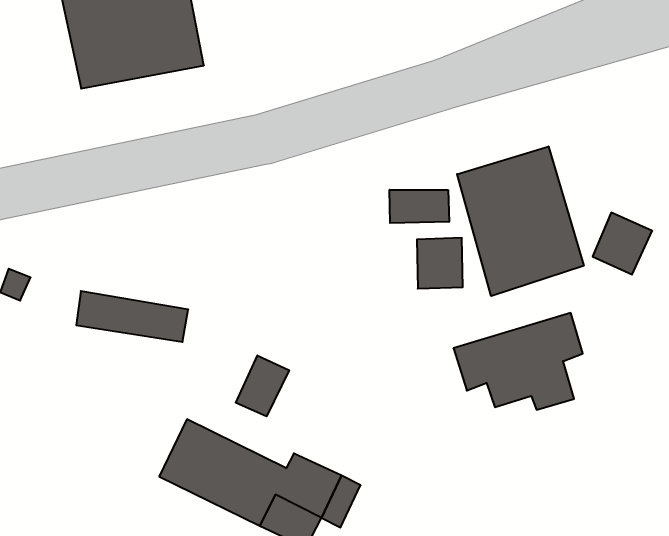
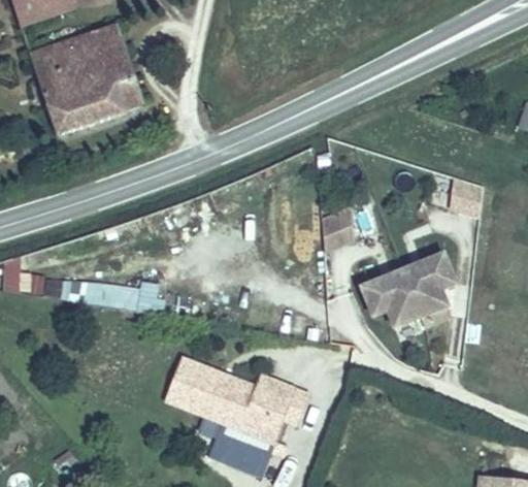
building: [457,146,584,296] -> none
building: [390,190,449,223] -> none
building: [236,355,289,416] -> none

